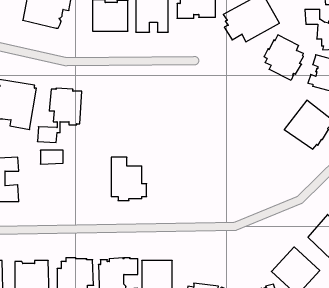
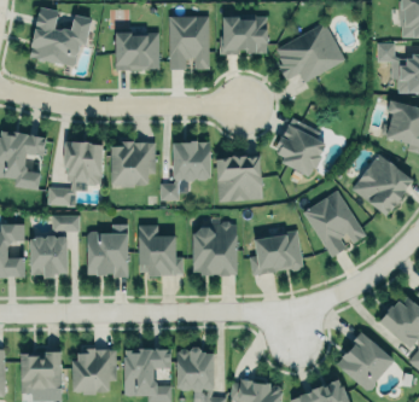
building: [264,35,303,80] -> [277,120,325,175]
building: none -> [162,140,210,200]
building: none -> [111,142,156,188]
building: none -> [216,157,262,203]
building: none -> [303,191,366,258]
building: none -> [192,221,237,275]
building: none -> [249,231,303,275]
building: none -> [87,232,128,278]
building: none -> [29,235,68,278]

